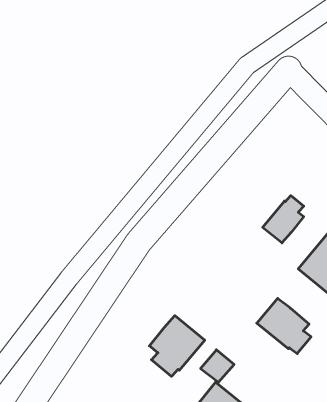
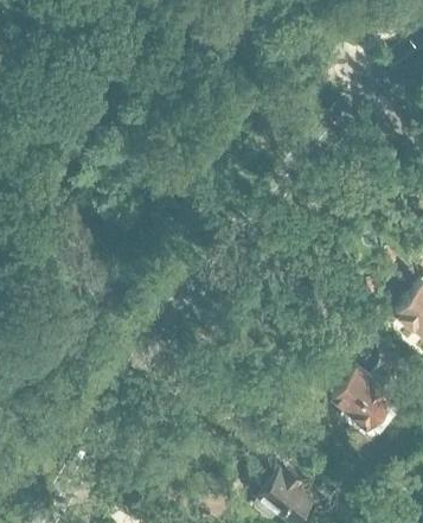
building: [263,196,304,243] -> none
building: [149,316,205,376] -> none

